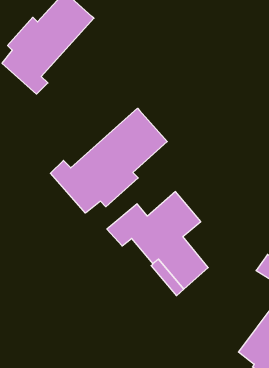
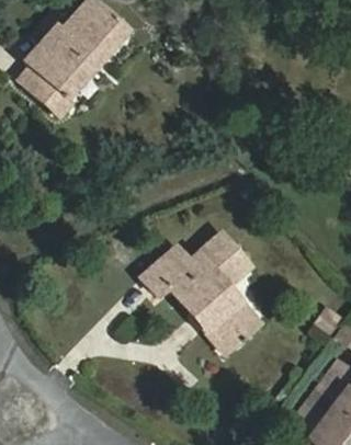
building: [50,108,167,213] -> none

